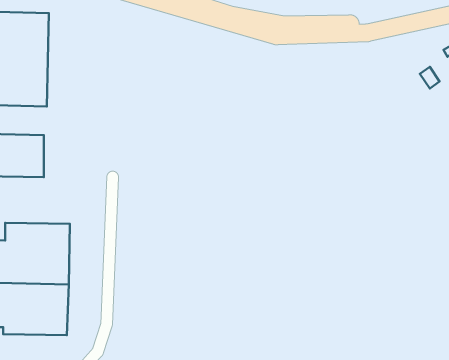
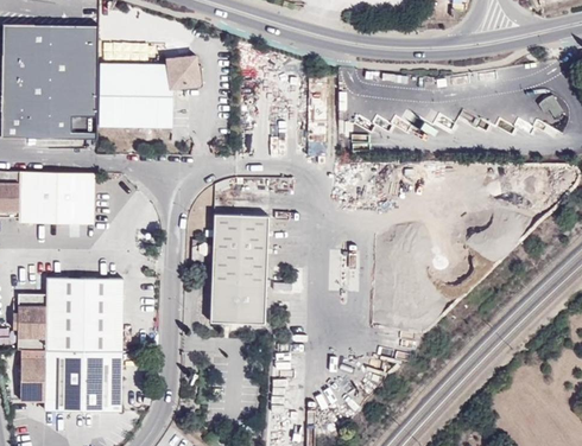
building: none -> [100,55,200,126]
building: none -> [209,212,270,323]

